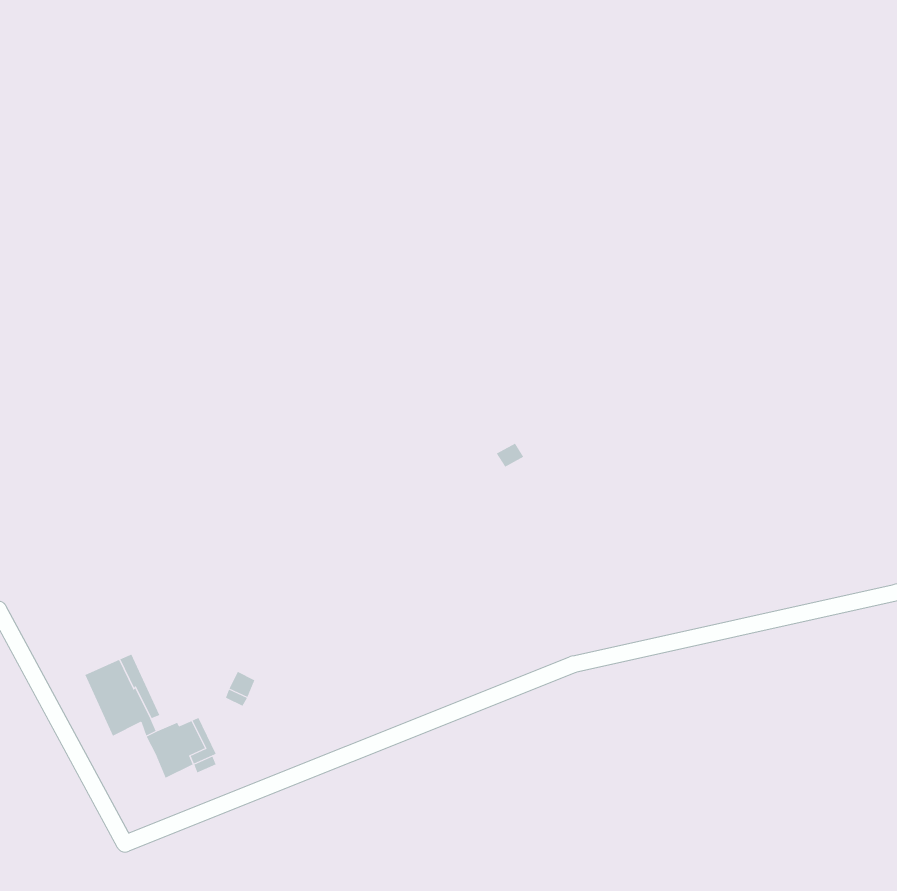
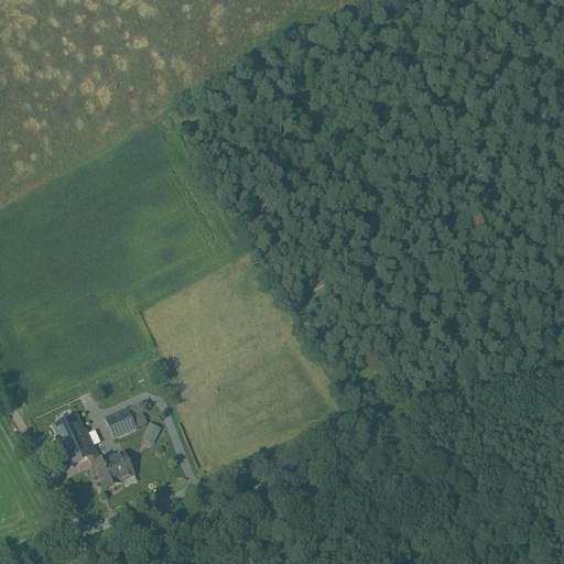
building: none -> [105,406,134,436]

